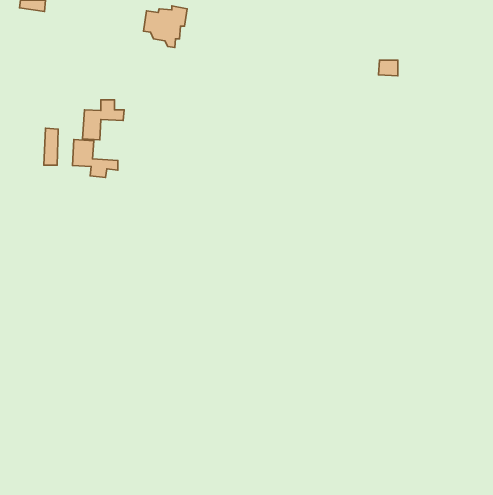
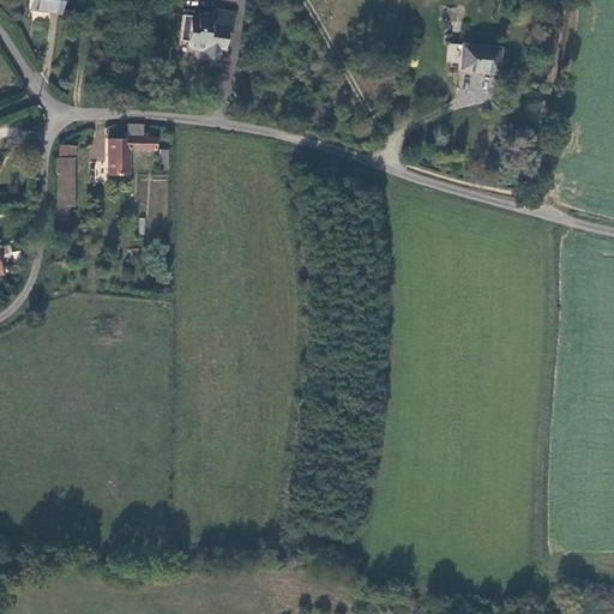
building: none -> [459,44,499,74]
building: [72,139,118,178] -> none

